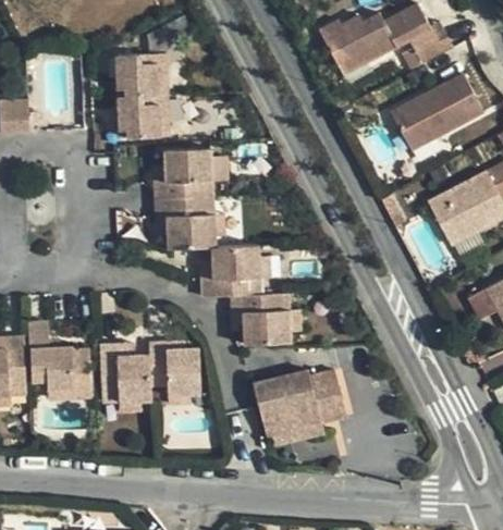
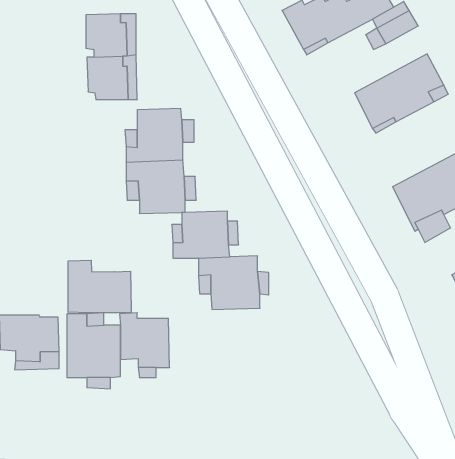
building: none -> [68,260,131,313]
building: [273,368,353,423] -> none

